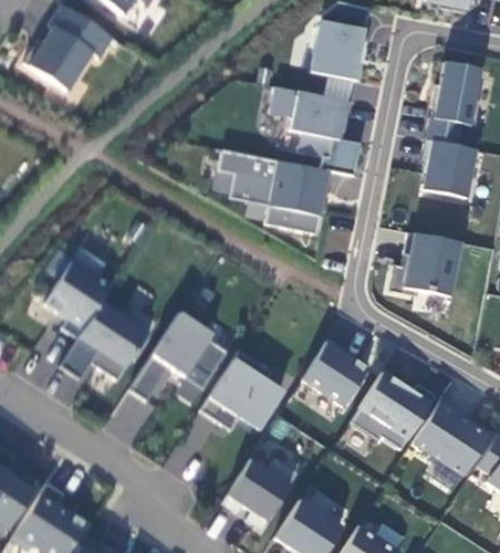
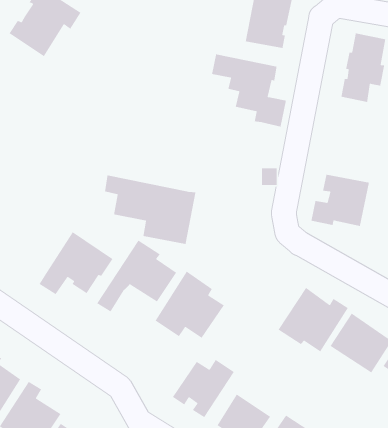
building: [423,139,478,198] -> none
building: [219,149,331,234] -> [104,175,196,245]
building: [37,261,104,352] -> none
building: [303,338,369,406] -> none

